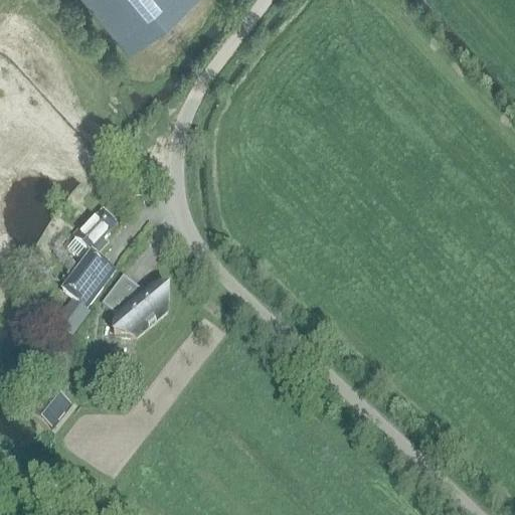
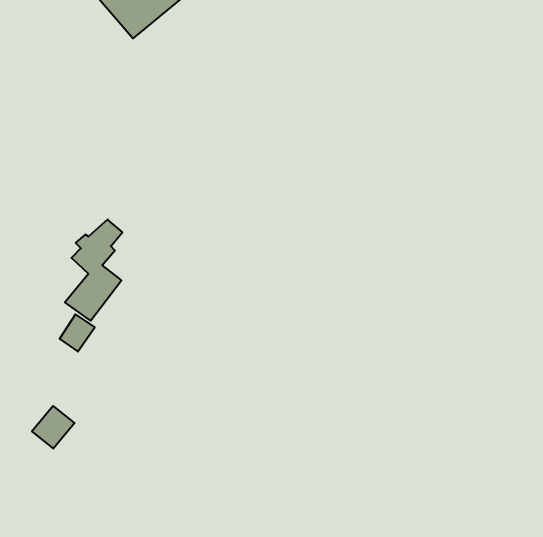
building: [103,273,170,334] -> none

